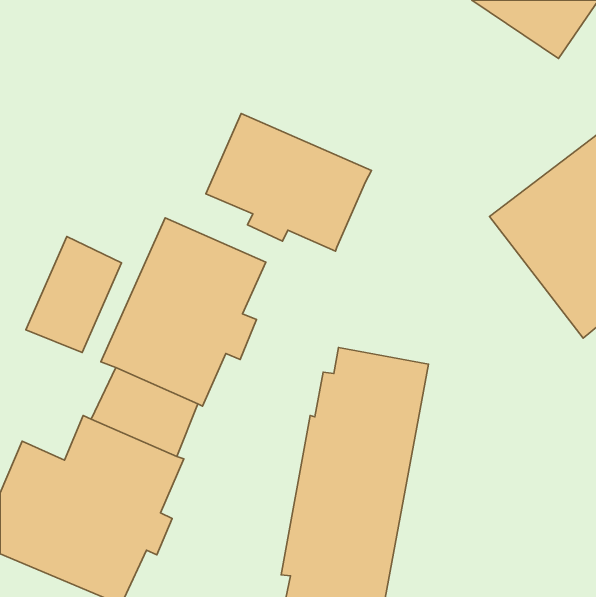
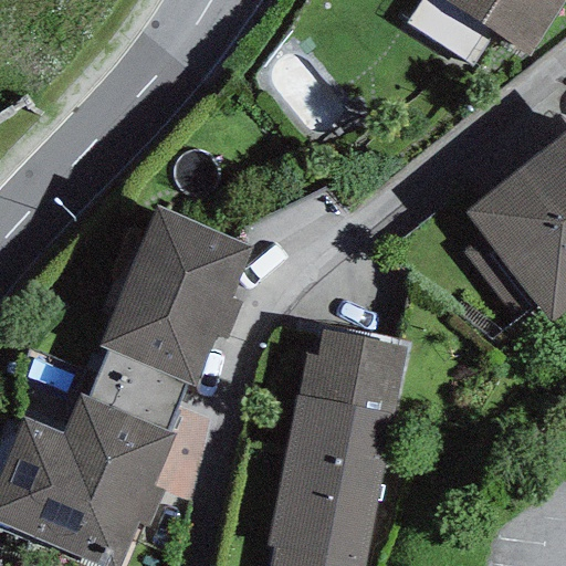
building: [206,113,372,251] -> none
building: [26,236,121,352] -> none

